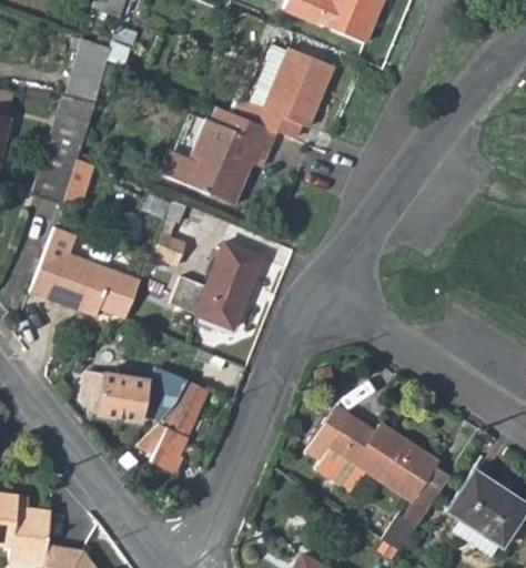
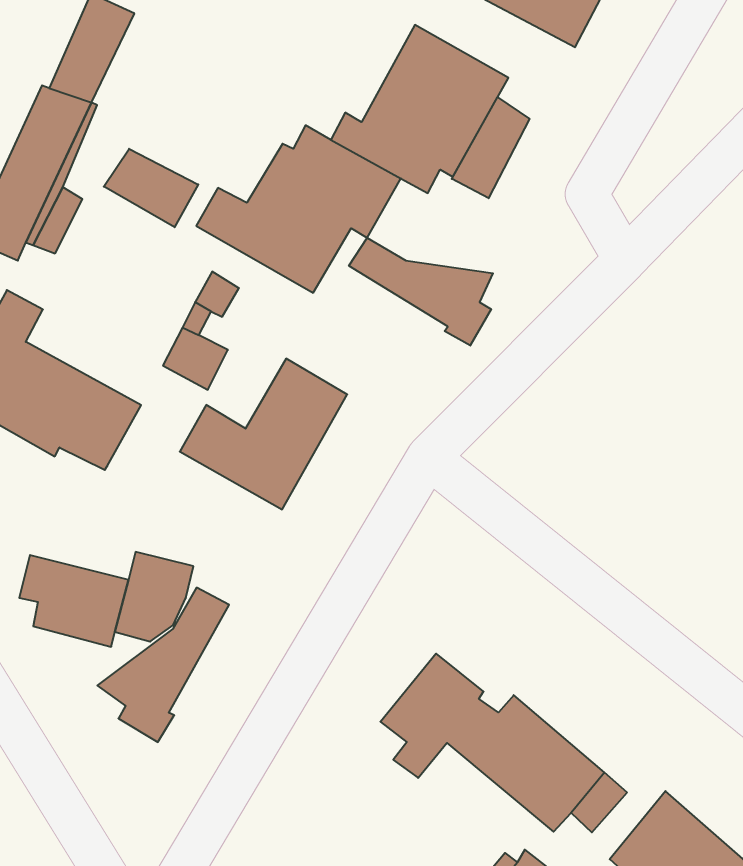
building: none -> [452,97,530,198]
building: none -> [104,149,198,227]
building: none -> [349,238,493,346]

